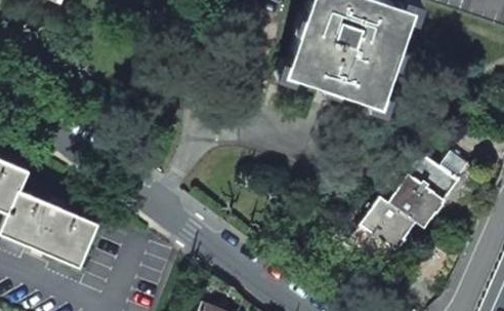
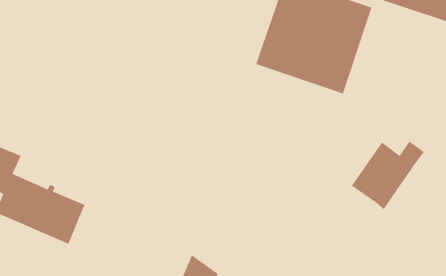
building: [349,198,419,272] -> none

